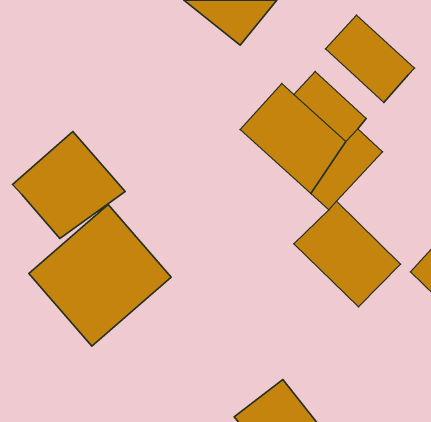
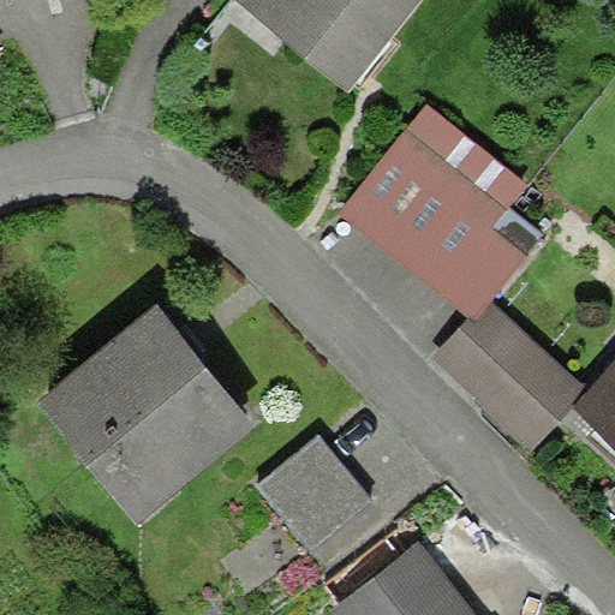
building: [326,15,415,103] -> none
building: [13,132,125,238] -> none
building: none -> [253,435,371,553]

